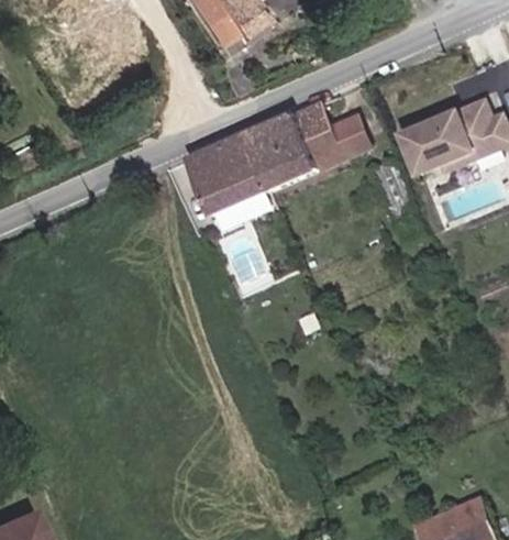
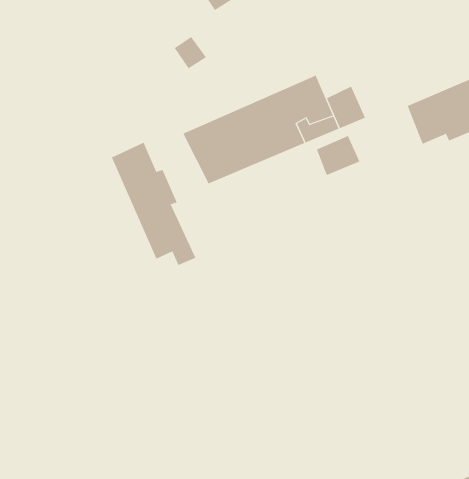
building: none -> [316,135,360,176]
building: none -> [111,142,196,266]

